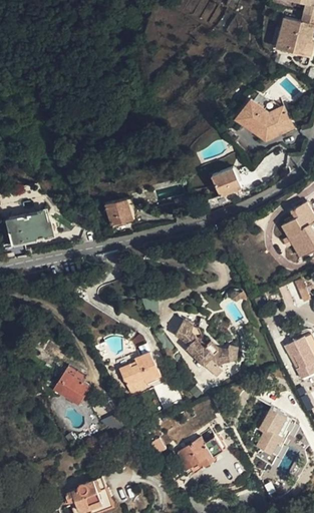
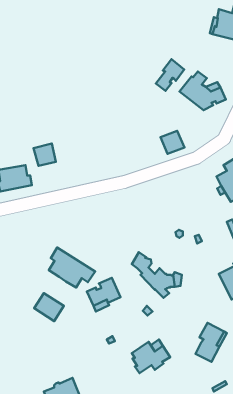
building: none -> [156,59,184,91]
building: [105,197,133,225] -> [34,143,56,166]
building: none -> [49,247,95,287]

